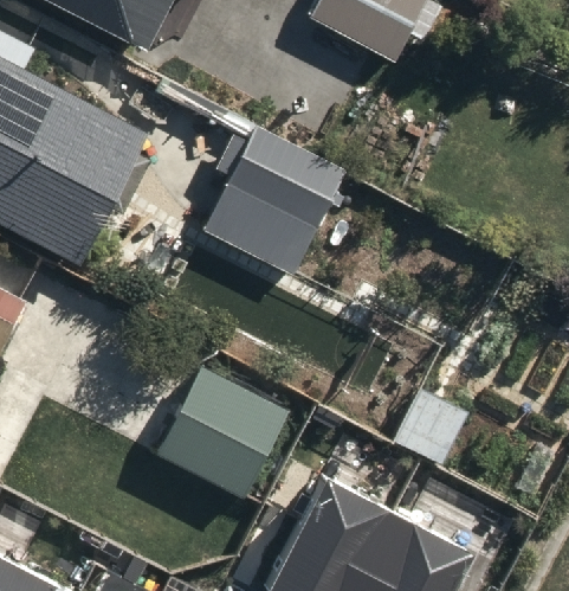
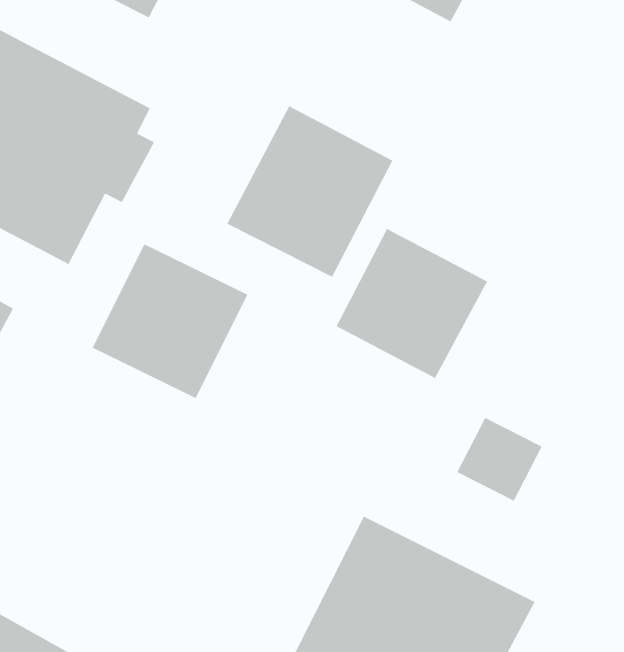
building: none -> [336,228,488,379]
building: [156,367,287,497] -> [92,244,248,399]

